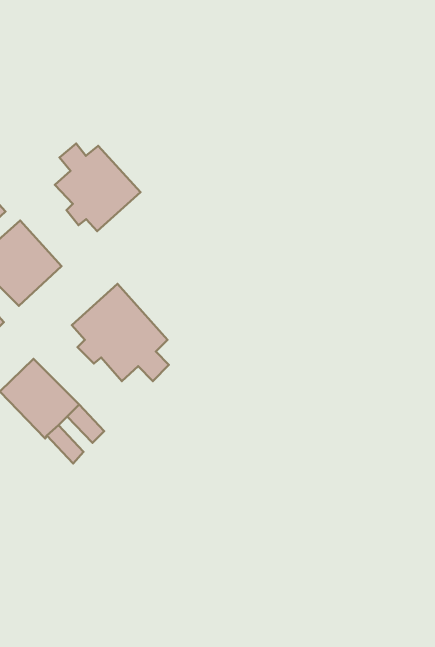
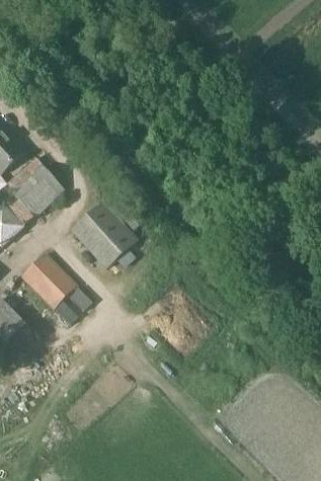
building: [55,144,141,231] -> none

